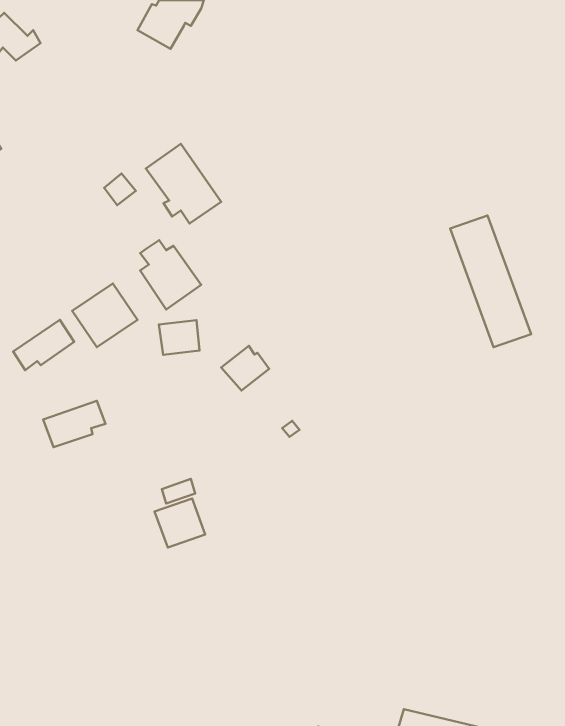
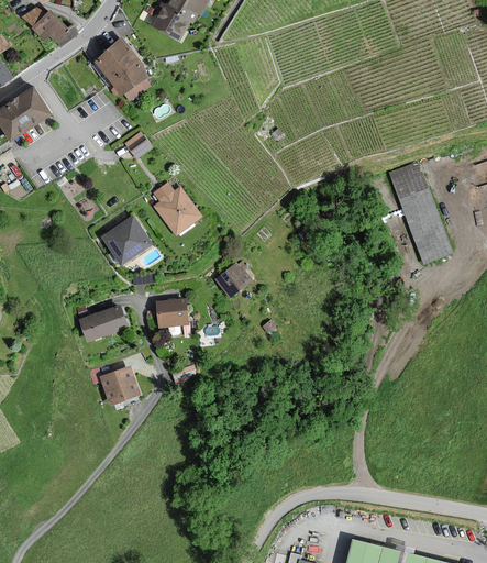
building: [146,144,221,224] -> [95,40,152,100]
building: [13,320,74,370] -> none
building: [159,320,199,355] -> [157,299,188,325]
building: [155,498,205,548] -> [101,366,140,404]

